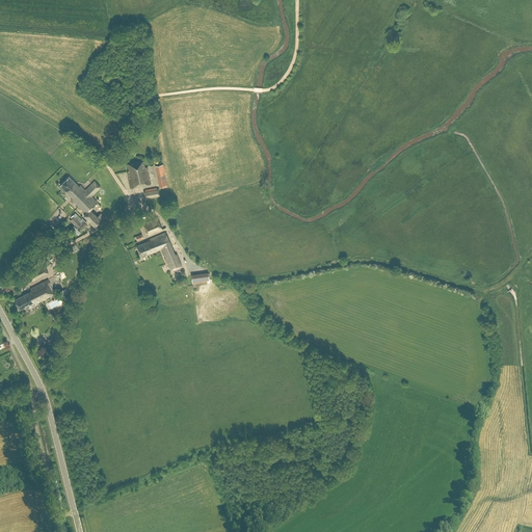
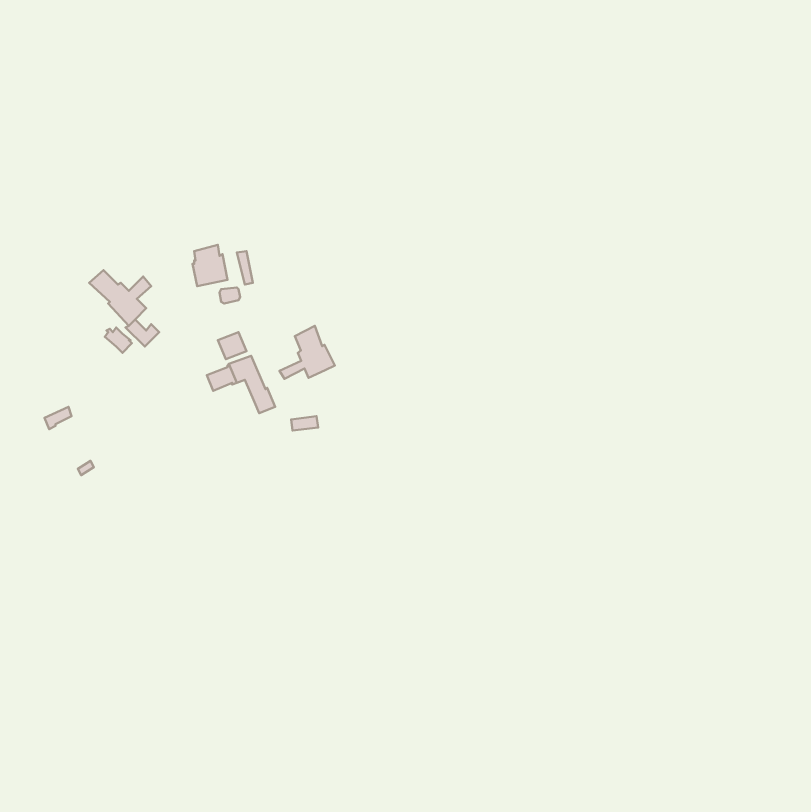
building: none -> [280,326,335,379]
building: [12,280,53,309] -> none

